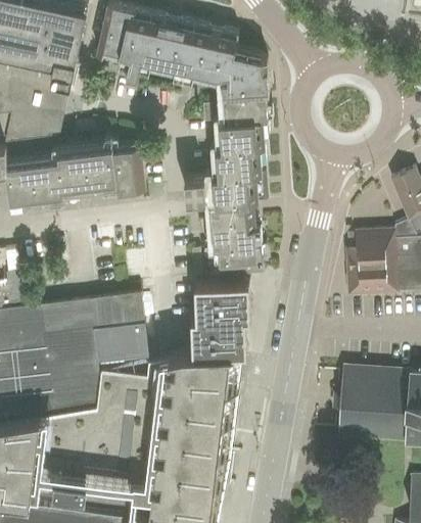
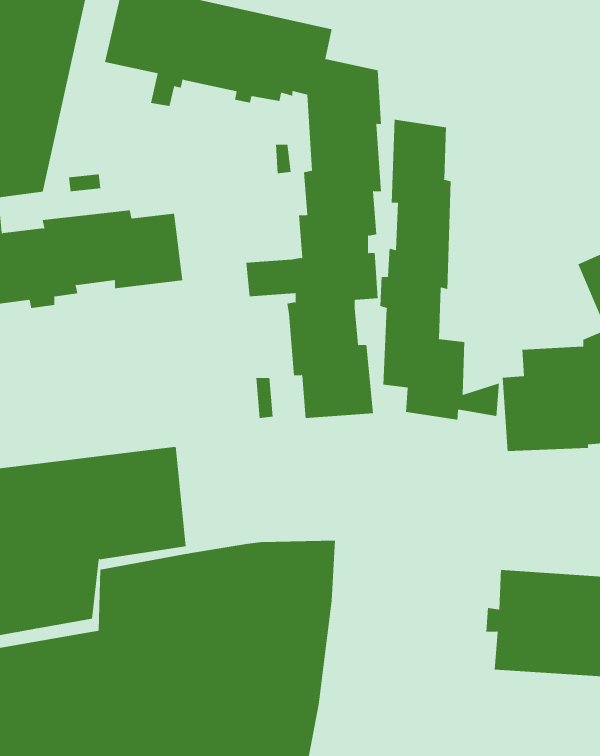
building: none -> [380,119,499,420]
building: [191,280,250,351] -> none

